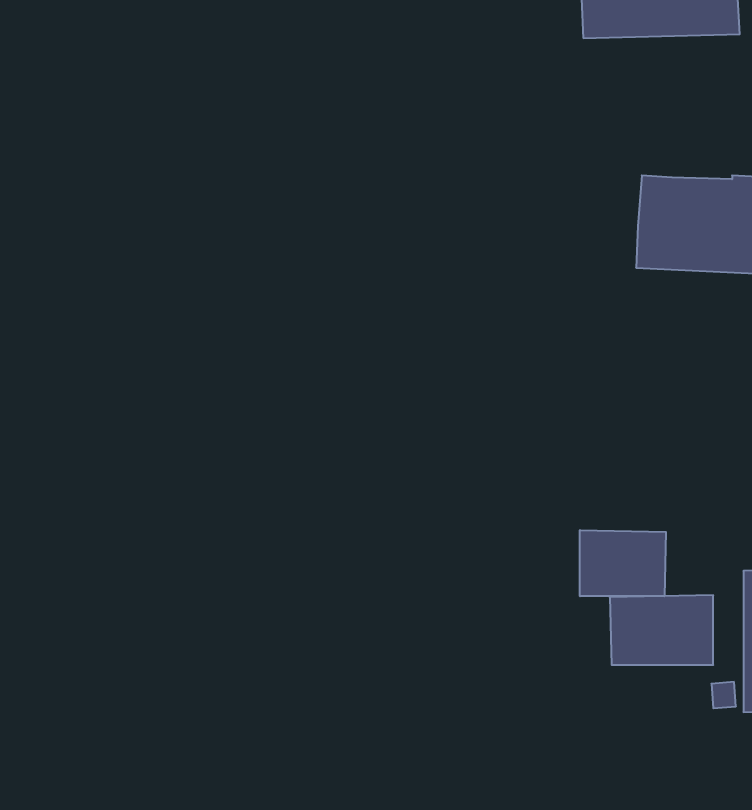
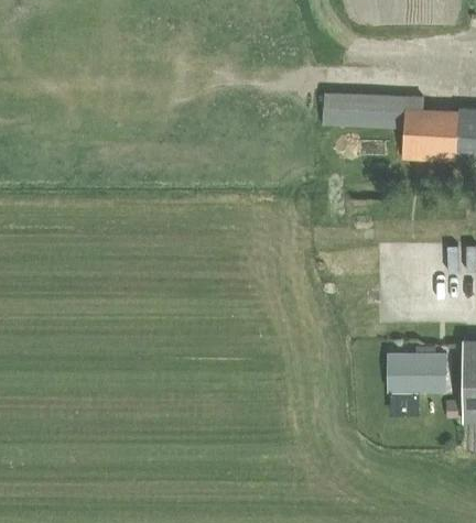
building: none -> [323,95,423,135]
building: [580,530,666,596] -> none

